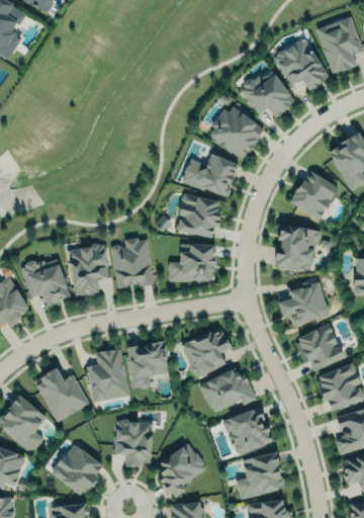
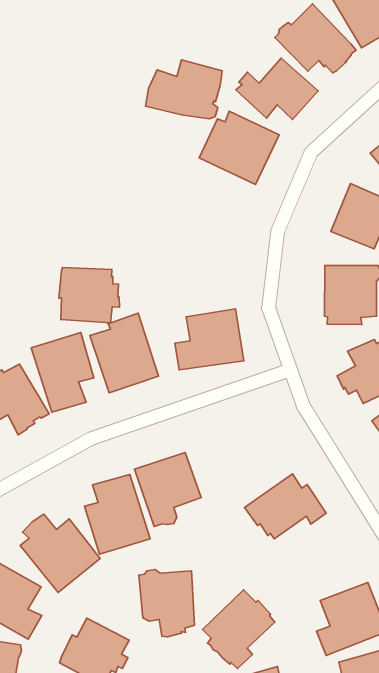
building: [181,153,239,197] -> [146,60,222,119]
building: [177,194,221,239] -> [59,267,119,323]
building: [180,328,233,377] -> none
building: [221,406,274,454] -> none

